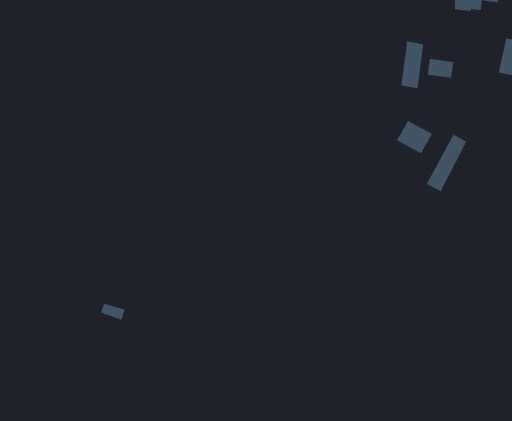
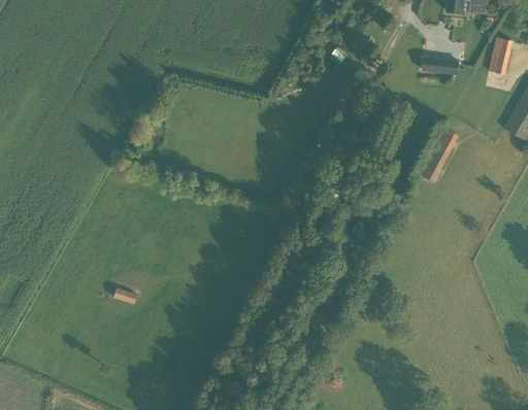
building: [401,41,424,89] -> none
building: [396,120,433,154] -> none

